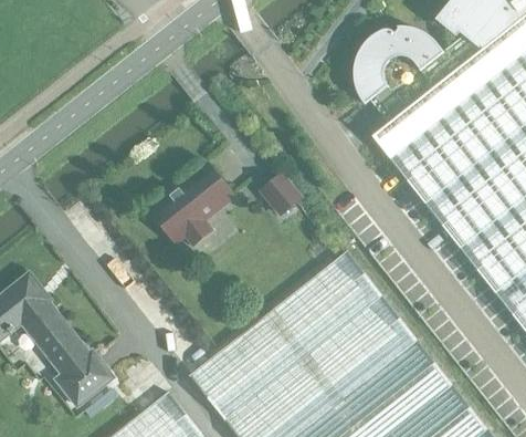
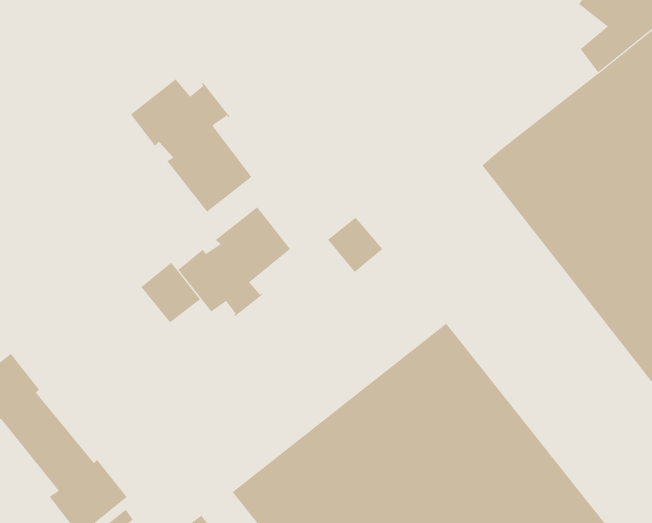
building: [355,27,459,125] -> none
building: none -> [130,79,252,213]
building: none -> [140,262,201,323]

